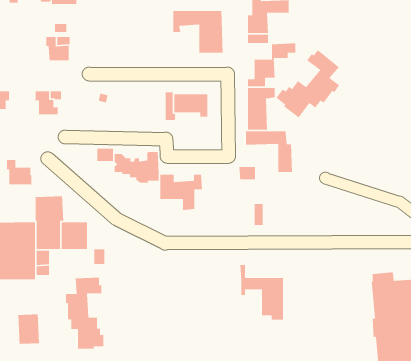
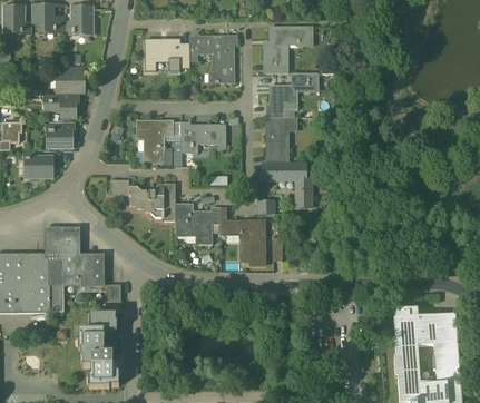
building: none -> [145,39,189,71]
building: [275,49,340,118] -> none
building: none -> [43,94,80,117]
building: none -> [136,119,174,164]
building: [6,159,32,185] -> [26,149,52,176]
building: [239,264,284,321] -> [219,207,265,265]
building: [18,314,40,345] -> none

